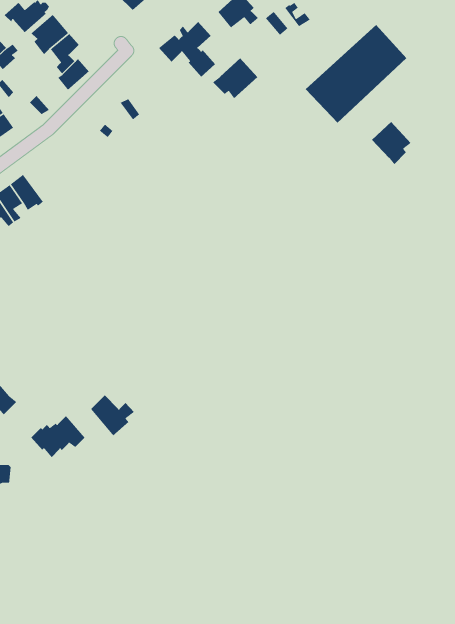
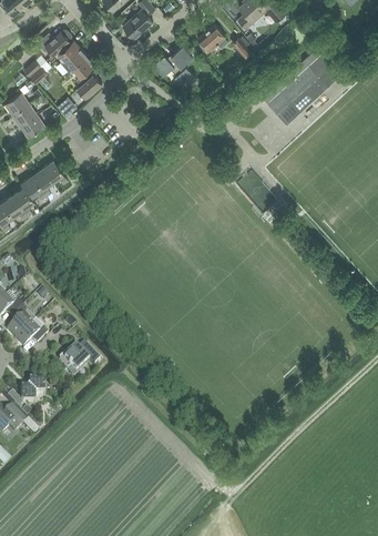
building: [212,57,258,99] -> none
building: [371,121,411,165] -> none
building: [90,395,135,436] -> none

